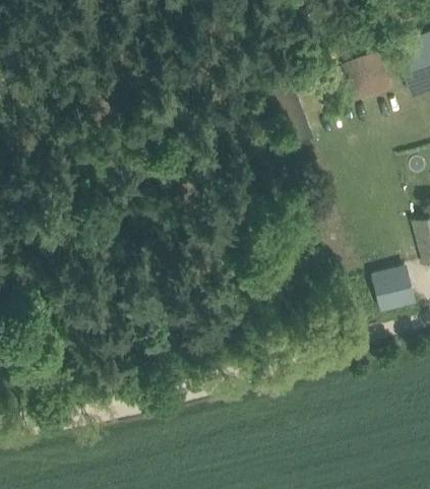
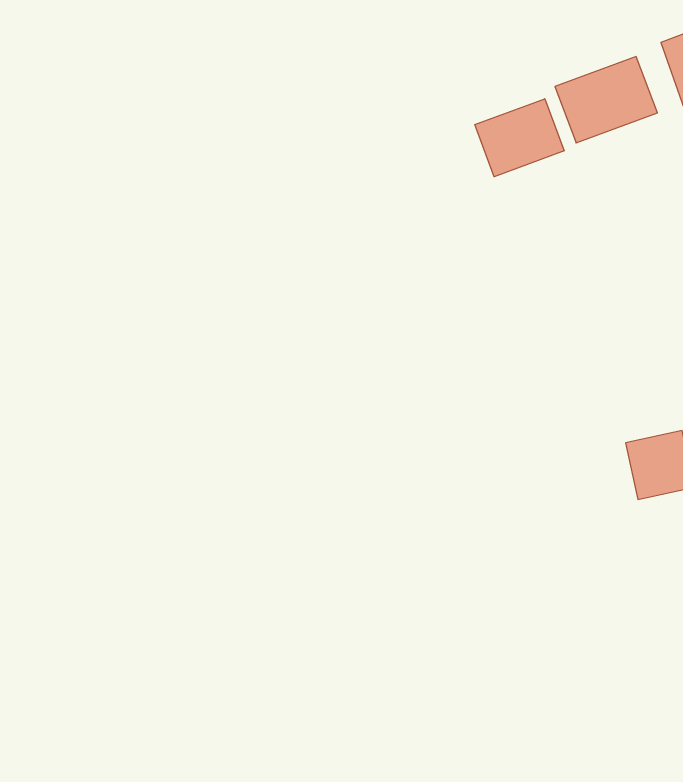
building: none -> [475,99,564,177]

